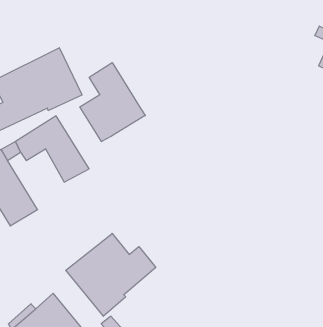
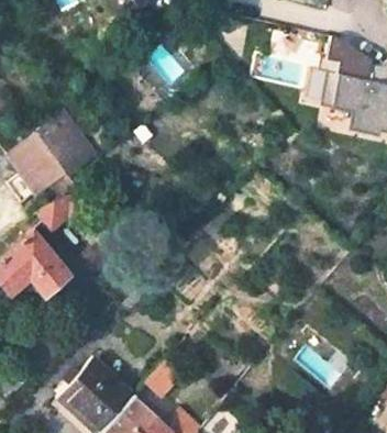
building: [80,63,145,142] -> none
building: [66,233,156,316] -> none

